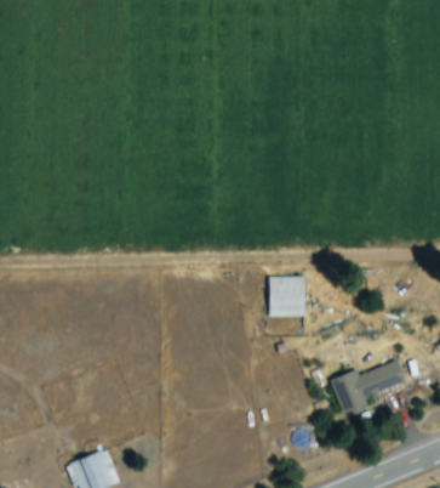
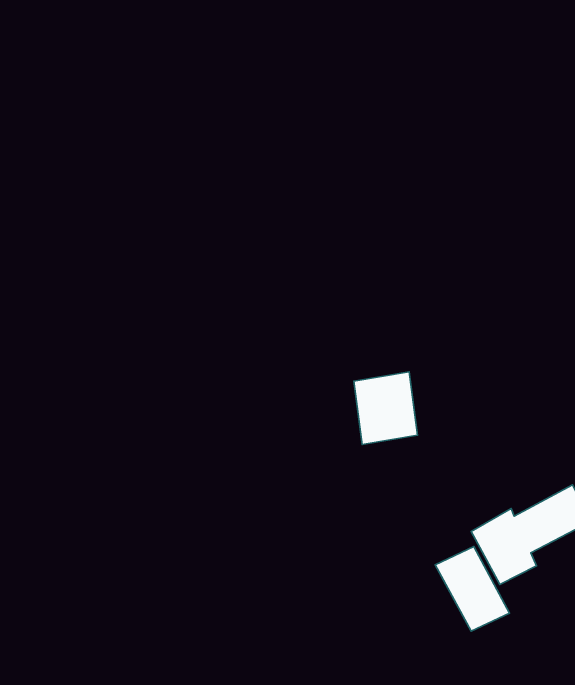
building: none -> [435,547,510,631]

